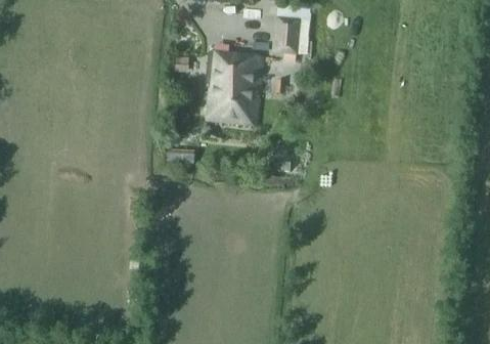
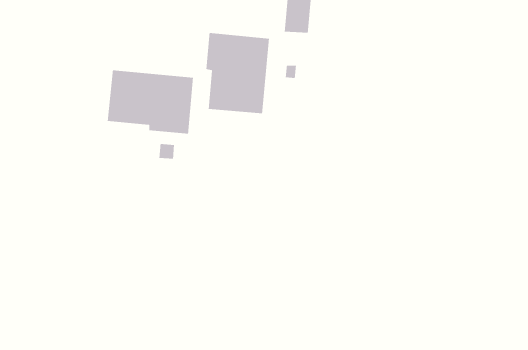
building: none -> [107,69,194,135]

